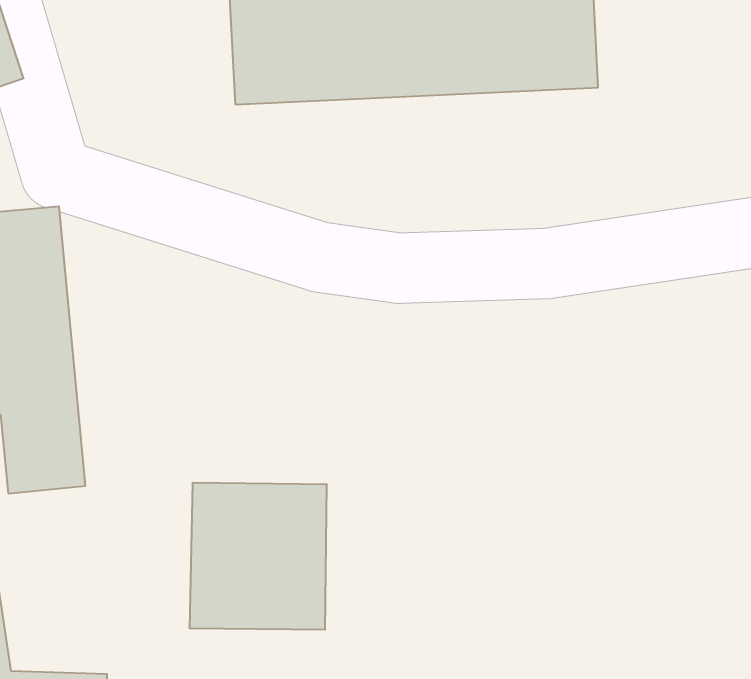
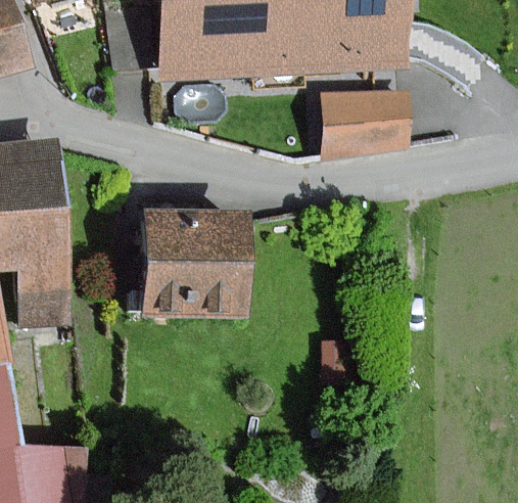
building: none -> [328,94,407,152]
building: [189,483,327,630] -> [154,212,245,309]

